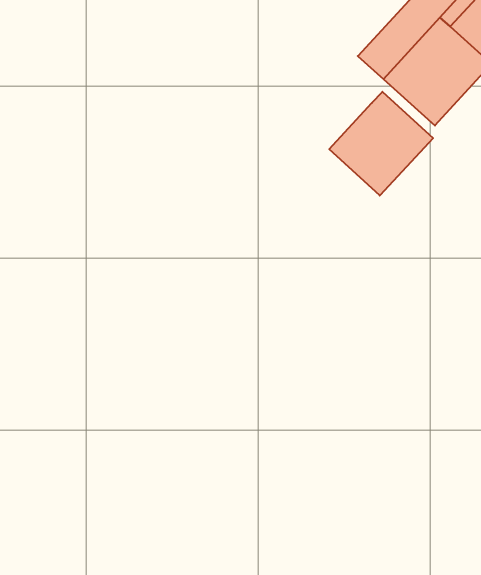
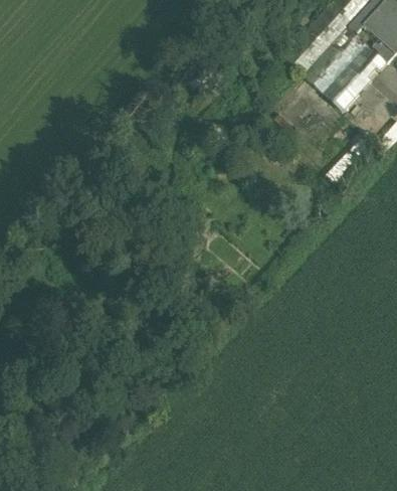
building: [329,92,433,196] -> none

